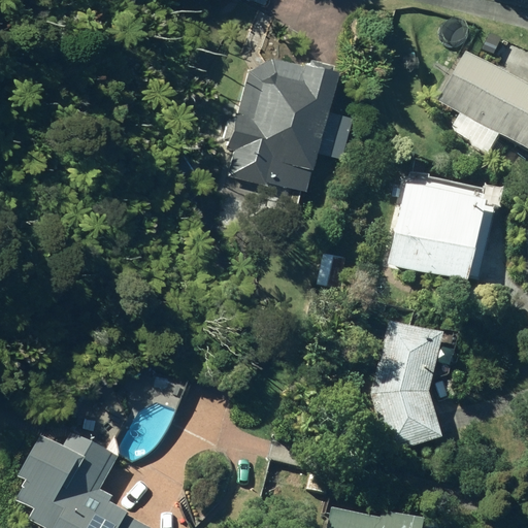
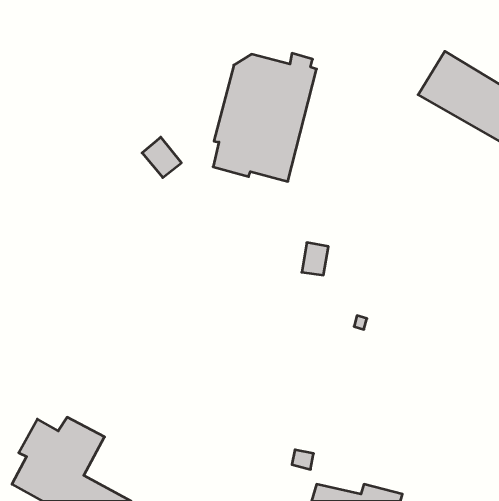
building: [390,187,490,286] -> none
building: [374,324,446,457] -> none

